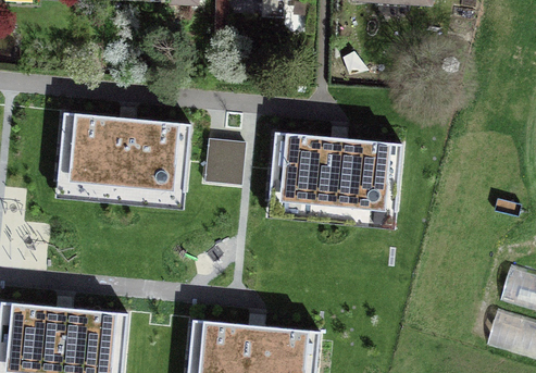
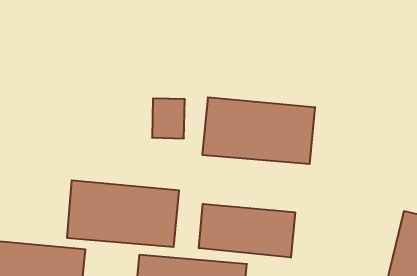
building: [58,113,191,192] -> [67,180,179,247]
building: none -> [199,204,295,258]

